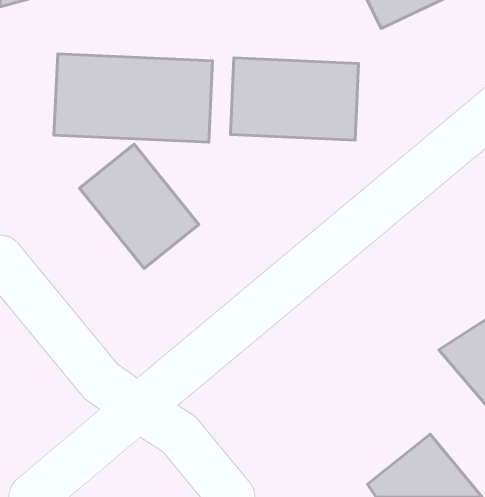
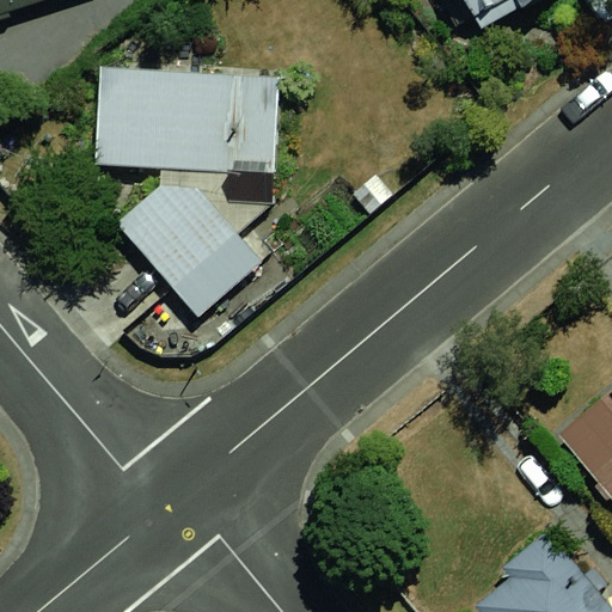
building: [230,58,359,140] -> none

